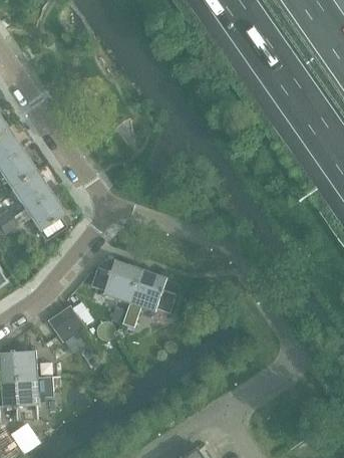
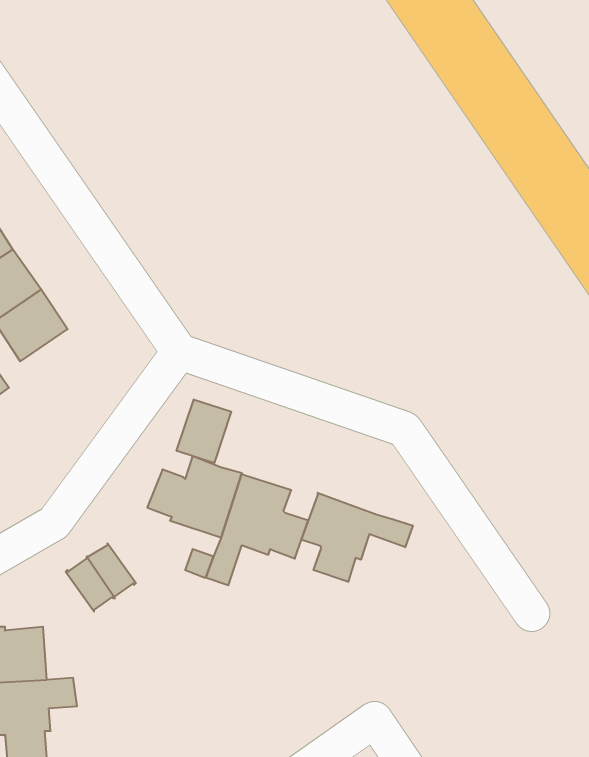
building: [25,192,64,239] -> none
building: none -> [177,399,231,463]
building: none -> [302,493,413,582]

